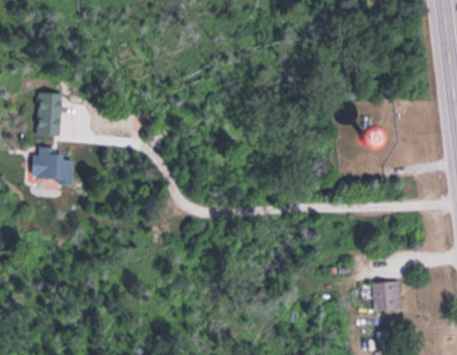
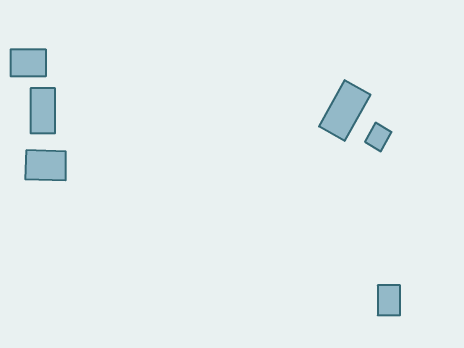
building: none -> [11,49,46,76]
building: none -> [319,80,370,141]

